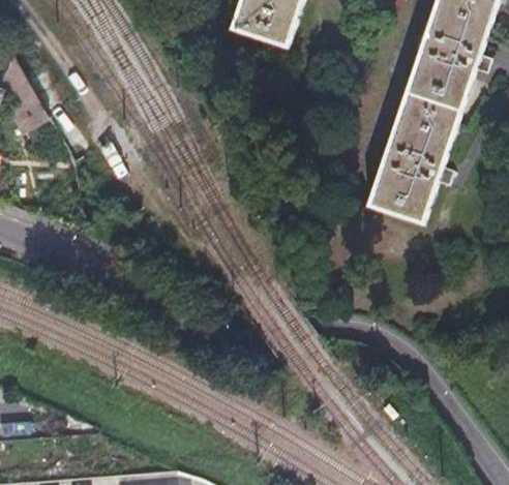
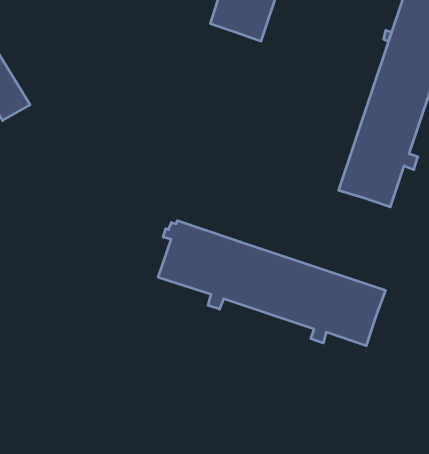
building: none -> [158,221,385,346]

